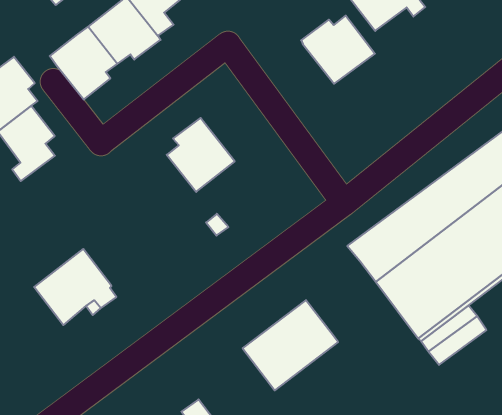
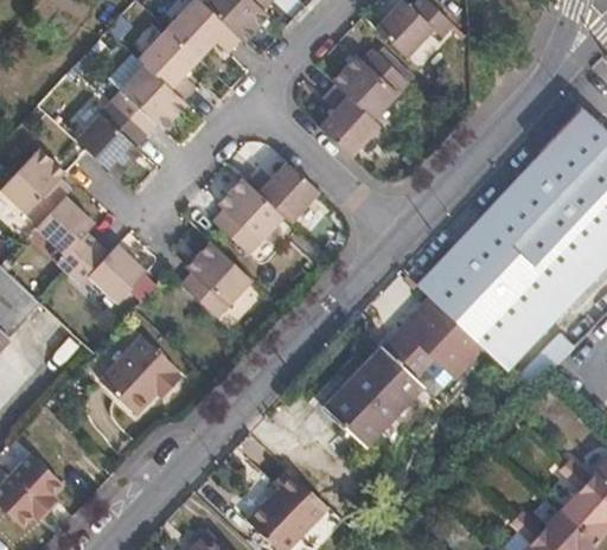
building: none -> [318,84,381,158]
building: none -> [245,160,320,224]
building: none -> [68,242,147,302]
building: none -> [180,242,253,319]
building: none -> [382,298,483,379]

